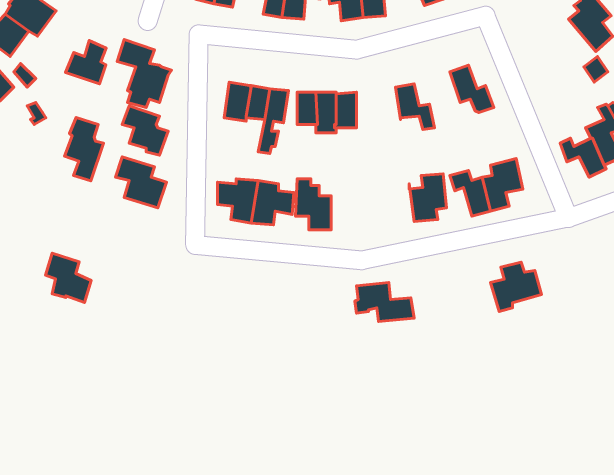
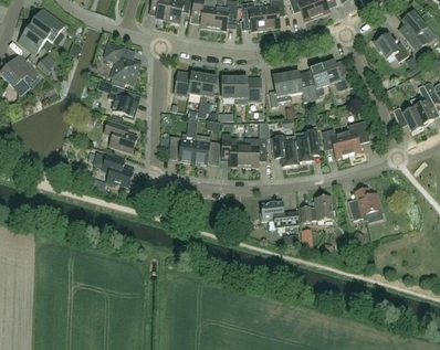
building: none -> [374,34,409,62]
building: [65,40,106,84] -> none
building: none -> [308,64,328,100]
building: none -> [270,74,291,107]
building: [65,118,104,181] -> none
building: none -> [272,136,298,166]
building: none -> [244,138,268,167]
building: [45,253,91,302] -> [103,155,133,187]
building: none -> [301,195,334,222]

